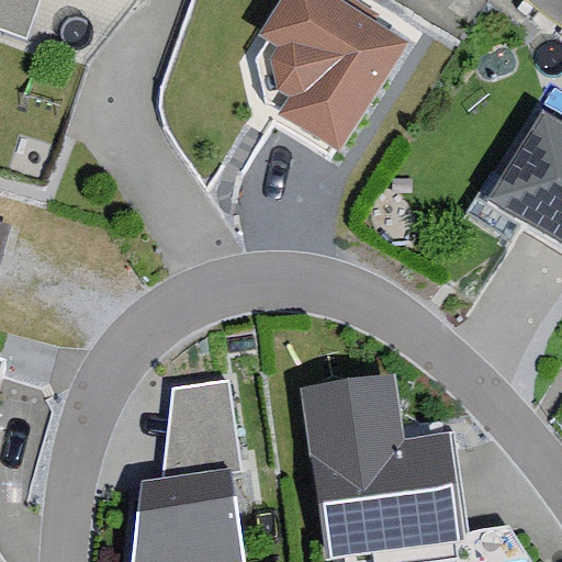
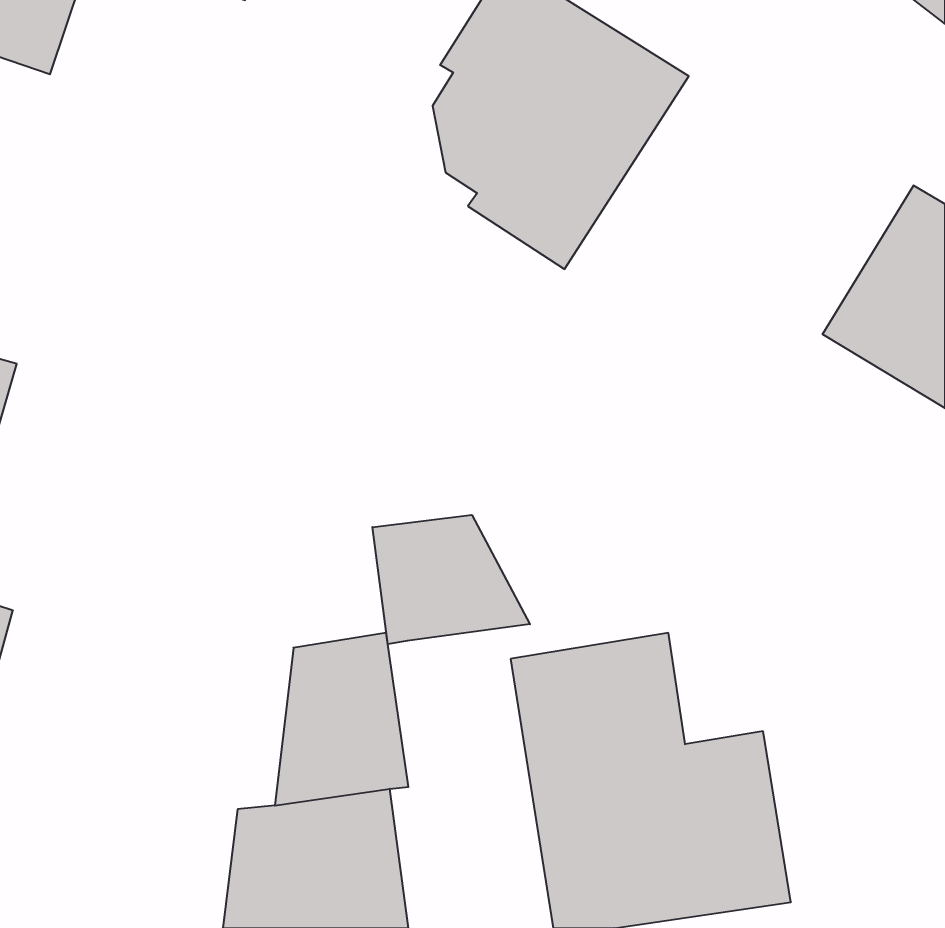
building: none -> [372,515,530,644]

